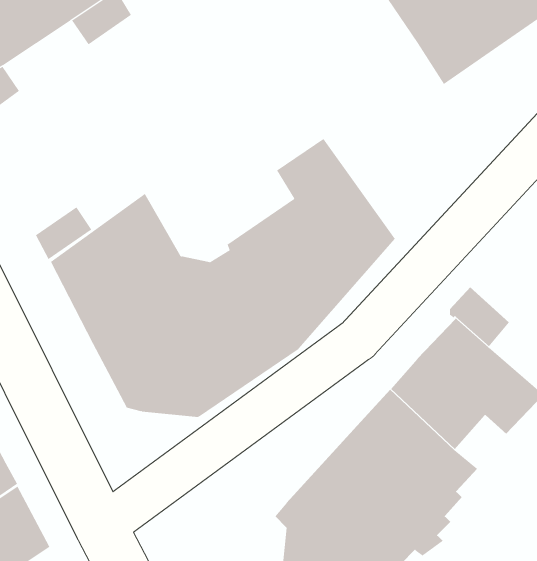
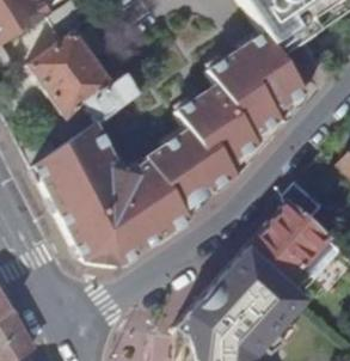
building: none -> [205,29,305,152]
building: none -> [27,30,139,120]

